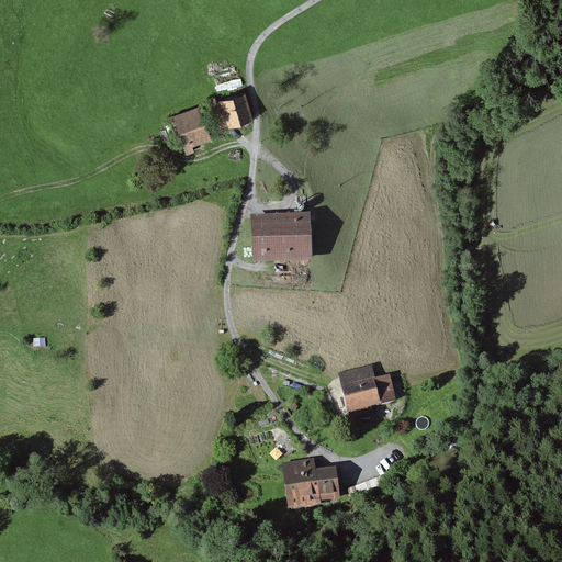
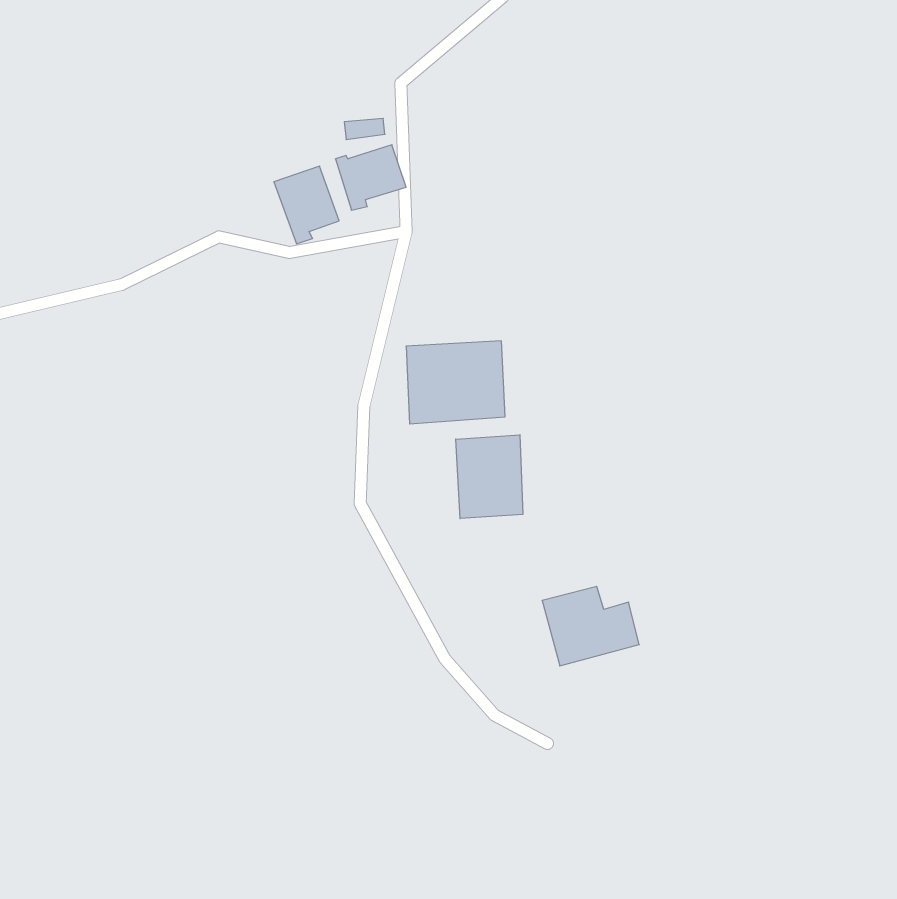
building: none -> [456,435,523,519]
building: [281,459,338,507] -> none

